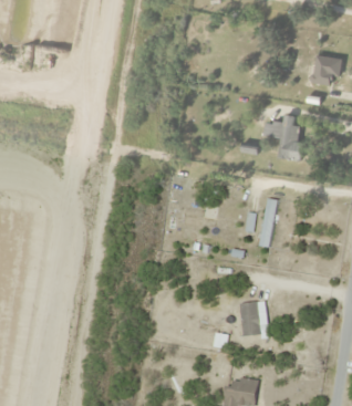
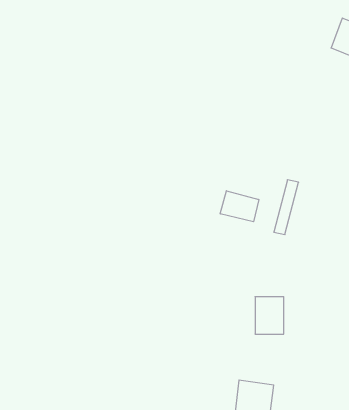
building: [263,114,302,160] -> none
building: none -> [220,191,259,222]

